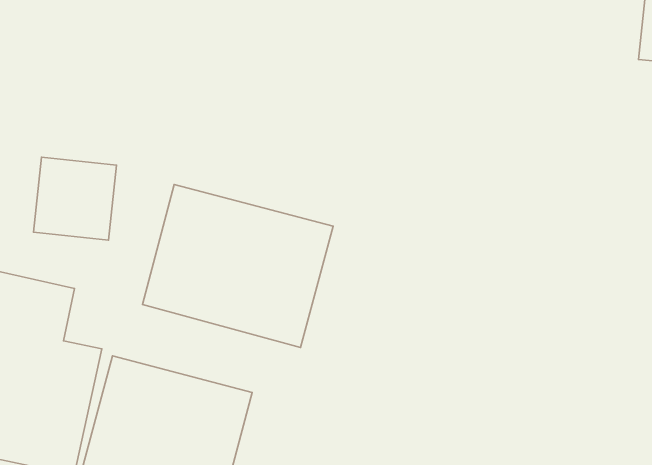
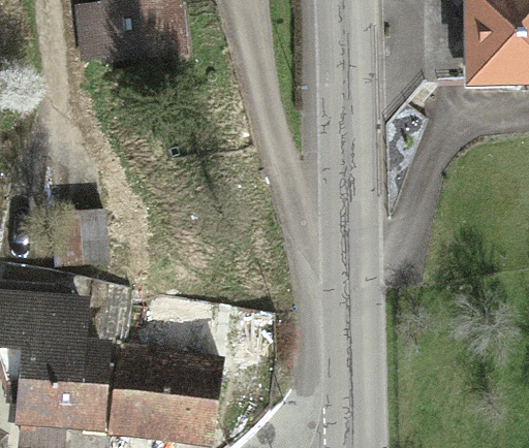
building: [142,184,333,348] -> none

